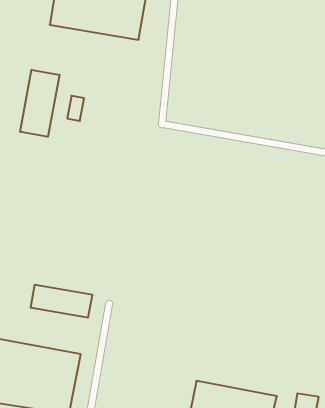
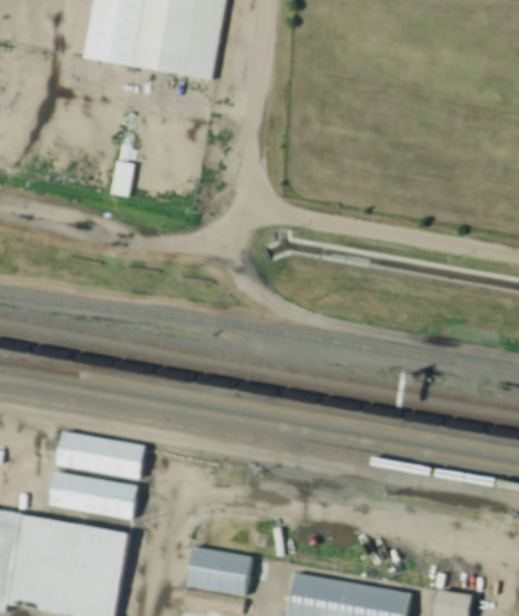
building: [20,70,59,137] -> none
building: none -> [49,473,138,519]
building: none -> [187,546,252,594]

